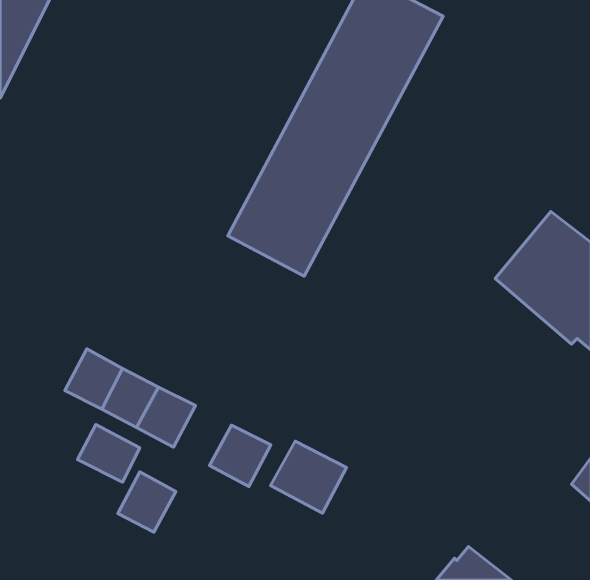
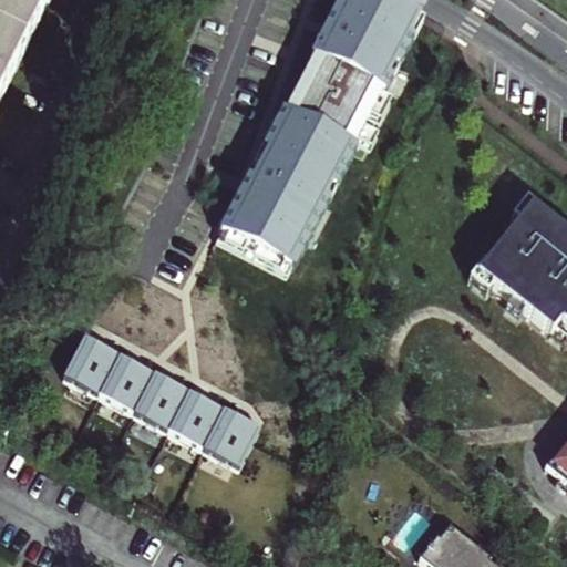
building: [77,425,140,482] -> none
building: [270,441,347,513] -> none
building: [118,472,176,532] -> [167,389,223,446]

